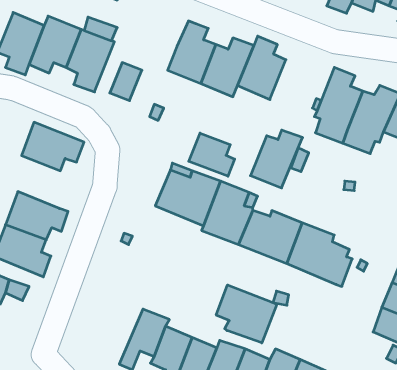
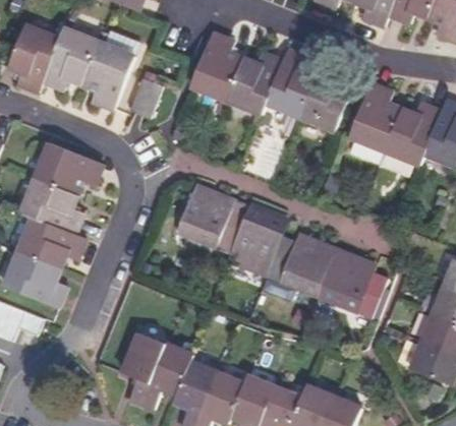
building: [250,130,303,188] -> [300,69,356,131]
building: [189,133,235,176] -> none
building: none -> [20,178,82,235]
building: [216,285,277,343] -> none
building: none -> [121,332,164,402]

